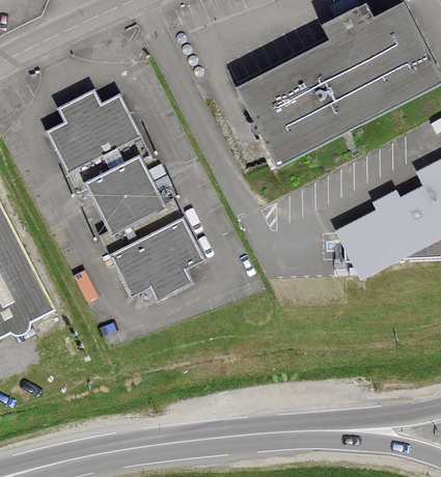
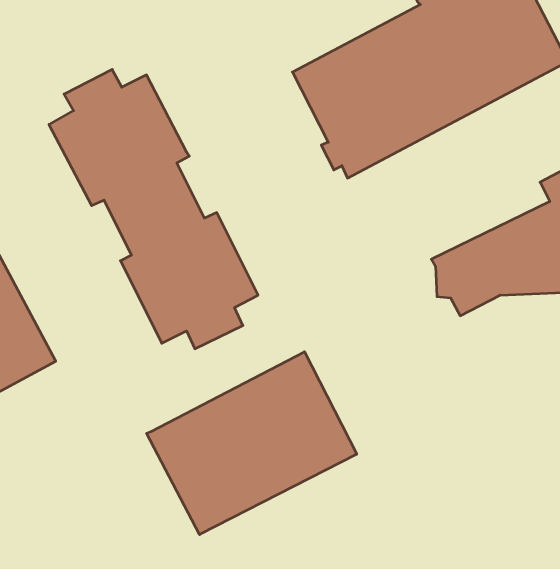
building: none -> [147,352,357,535]

